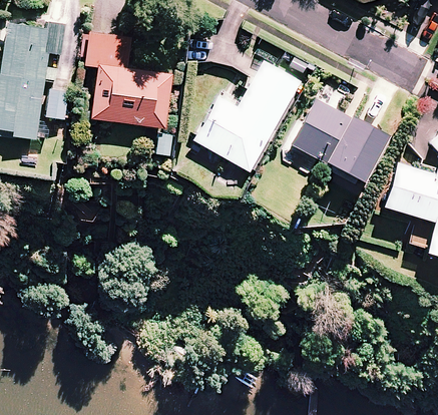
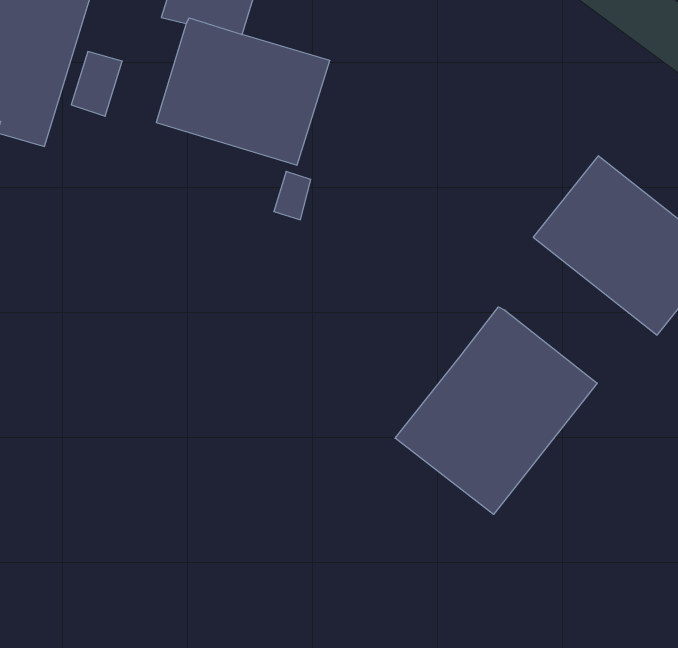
building: [194,60,302,171] -> none
building: none -> [395,307,597,514]

